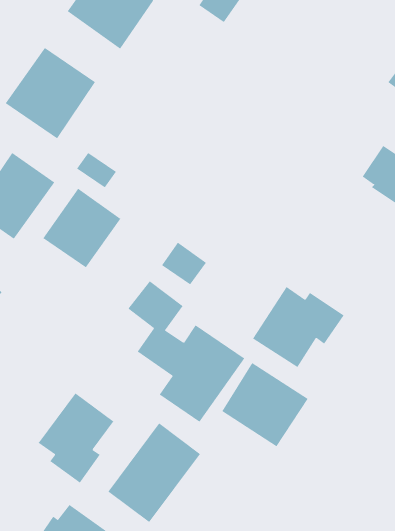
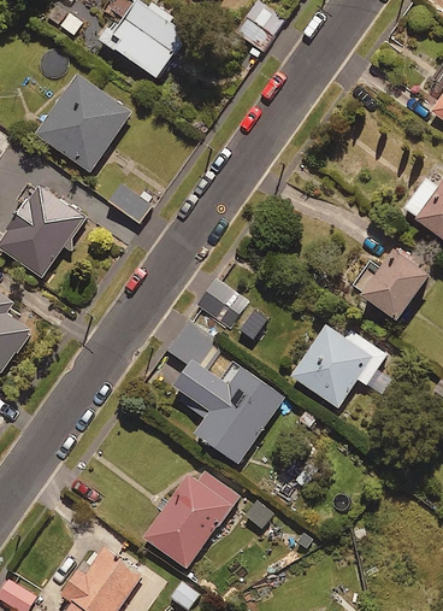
building: [42,188,121,268] -> none
building: none -> [347,249,429,322]
building: [222,362,309,447] -> none
building: [38,392,114,484] -> none

